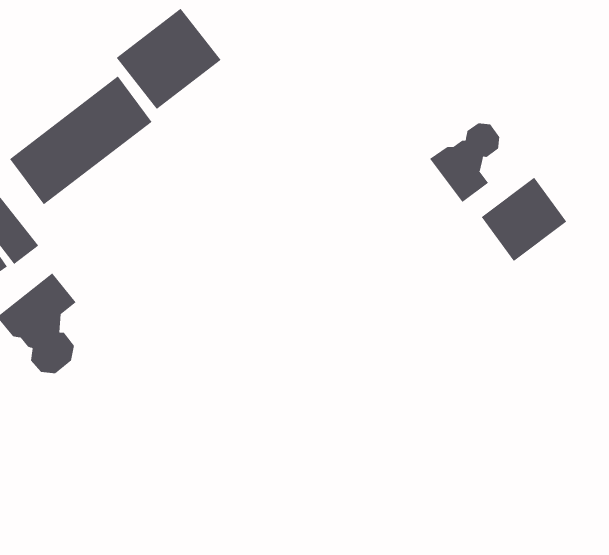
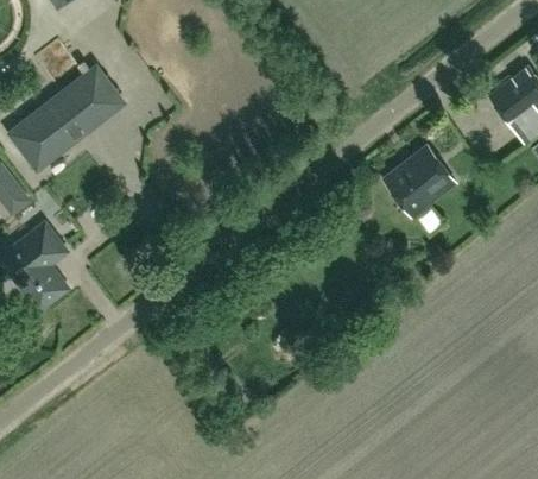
building: [116,8,222,110] -> none
building: [429,123,500,203] -> none

